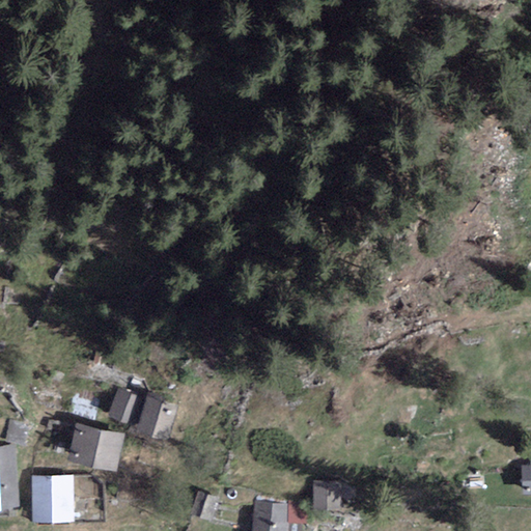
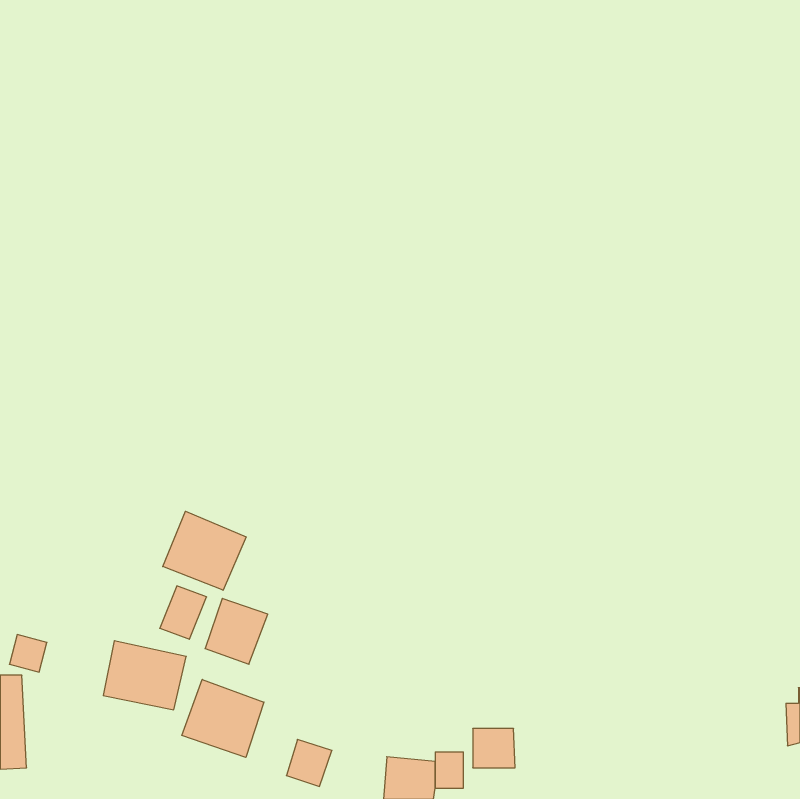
building: none -> [163,511,246,590]
building: none -> [182,679,264,757]
building: [31,476,74,522] -> none

